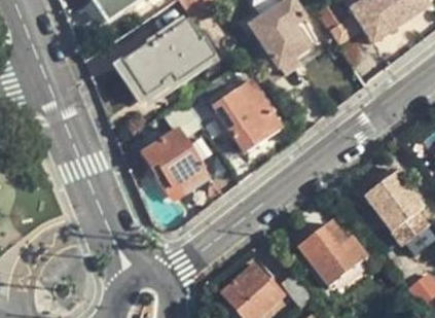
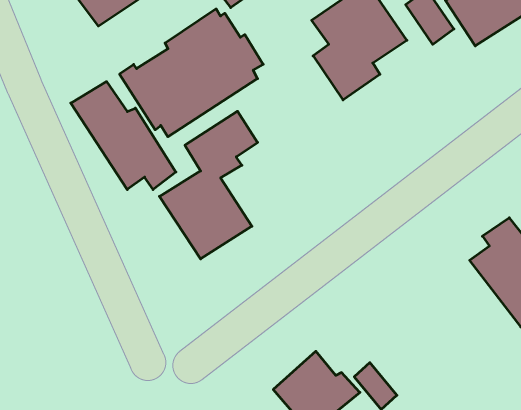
building: none -> [71,82,176,190]
building: [213,77,282,149] -> none
building: [300,221,362,283] -> none

